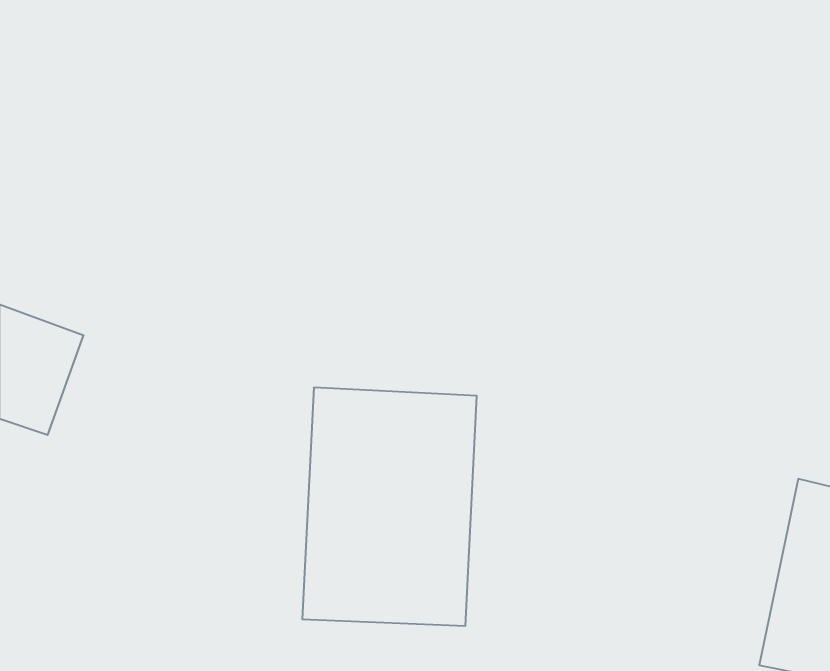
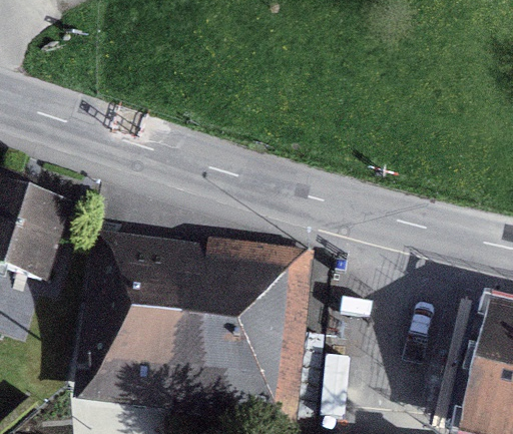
building: none -> [92,254,193,400]

